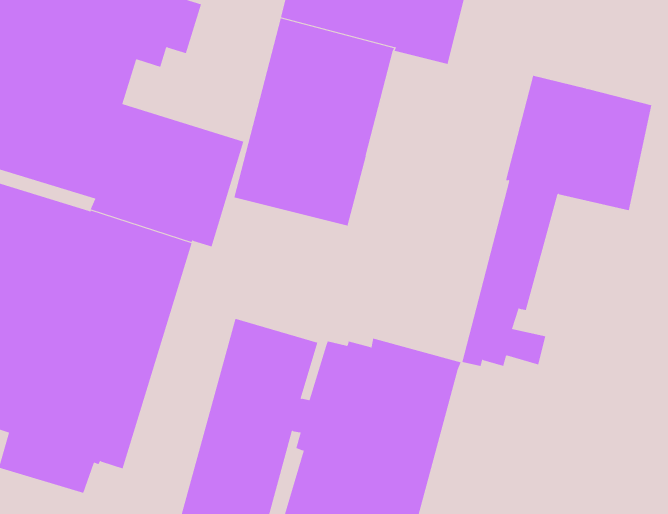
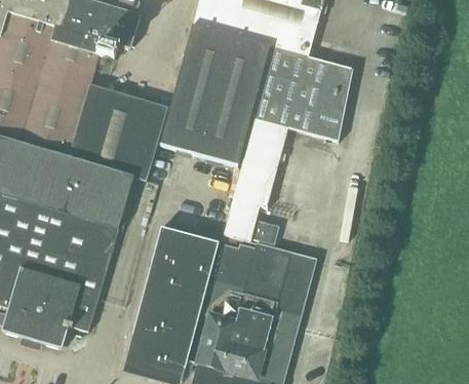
building: [462,75,652,367] -> [222,46,351,244]

